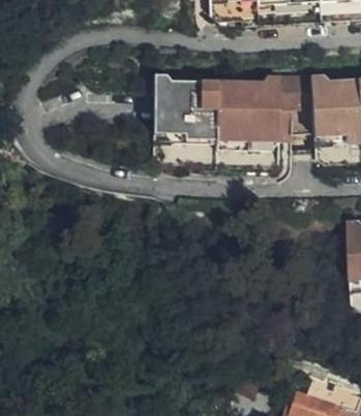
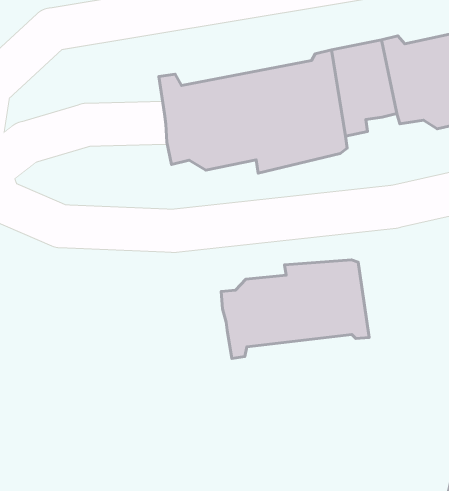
building: none -> [221,260,369,359]

